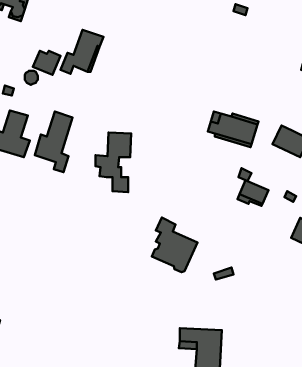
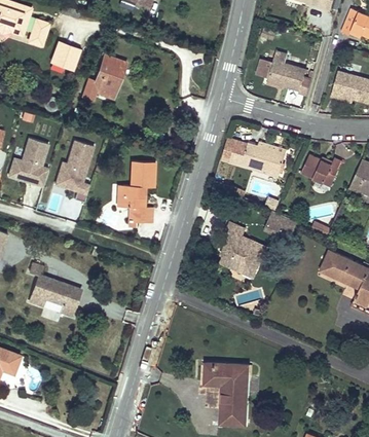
building: none -> [267,52,311,96]
building: [33,51,61,75] -> [51,45,80,70]
building: [152,218,198,272] -> [220,222,267,279]
building: none -> [30,263,80,317]

